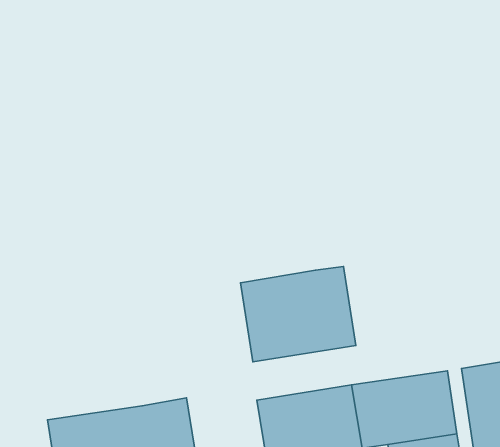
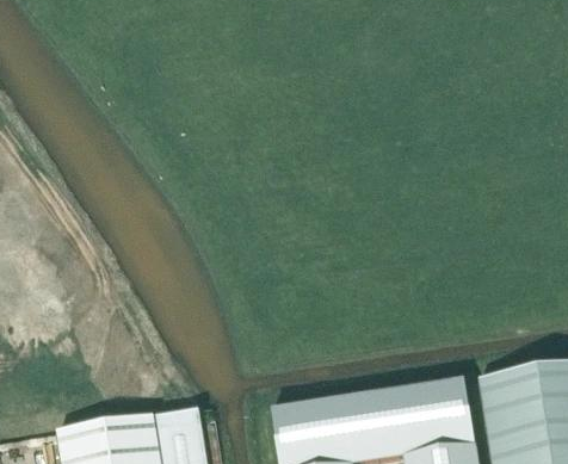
building: [241,266,356,362] -> none

